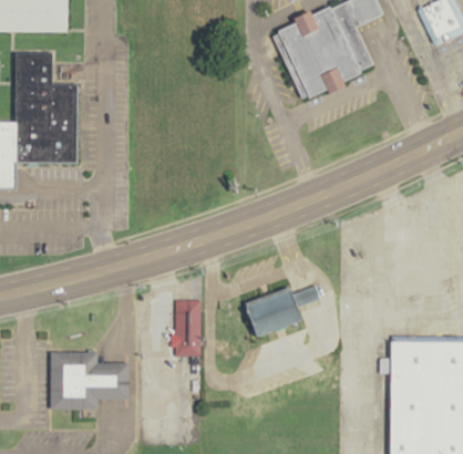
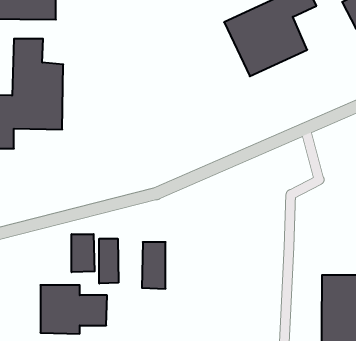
building: [247,285,320,337] -> none
building: none -> [72,234,95,272]
building: none -> [99,239,118,284]

